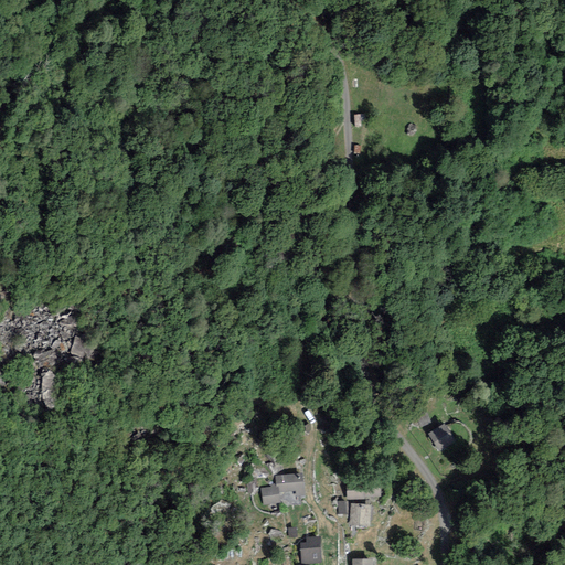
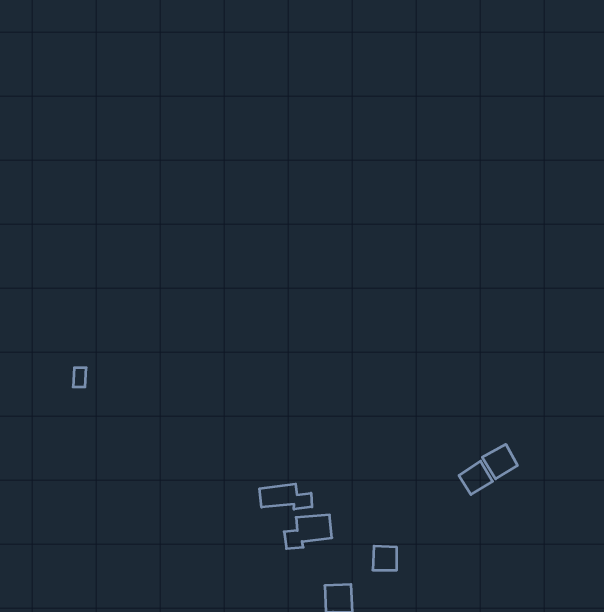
building: none -> [482,444,517,479]
building: none -> [260,484,312,509]

